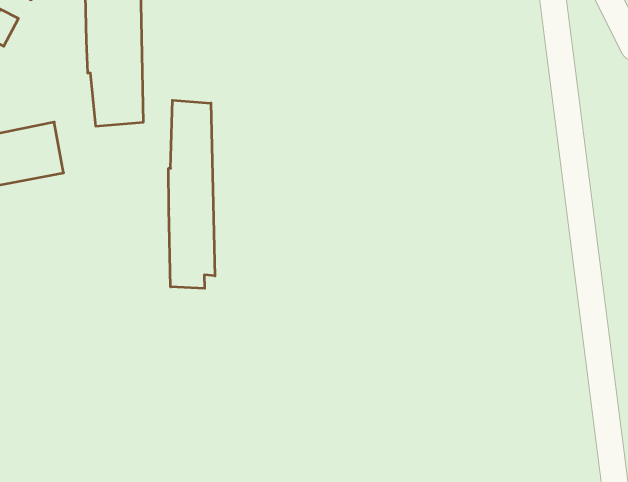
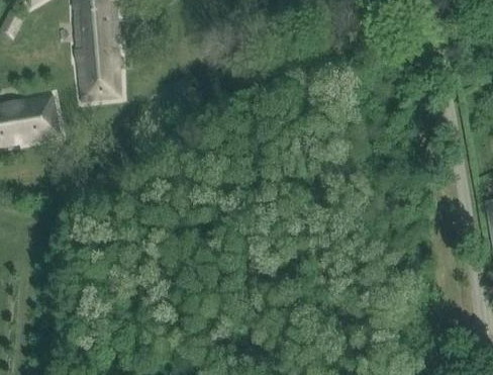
building: [169,100,215,288] -> none

